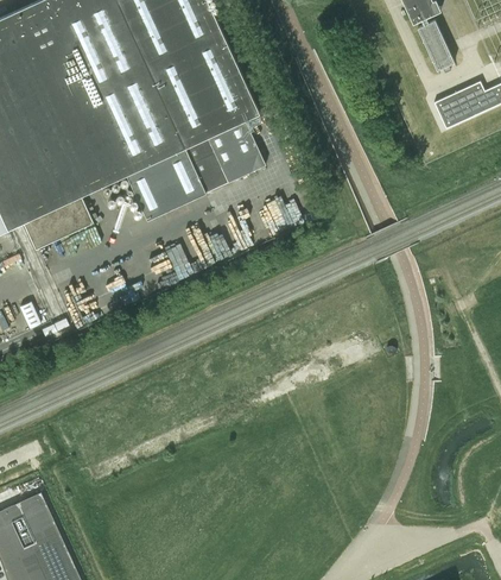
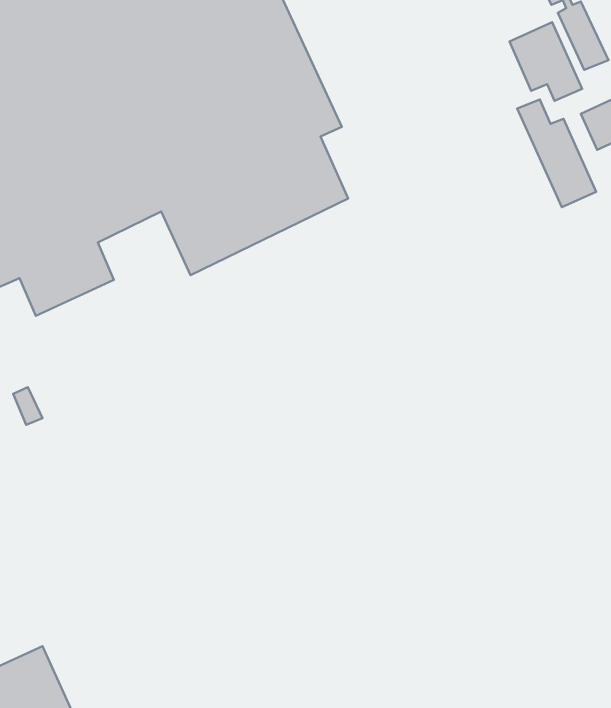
building: none -> [510,22,582,101]
building: none -> [517,99,596,207]

